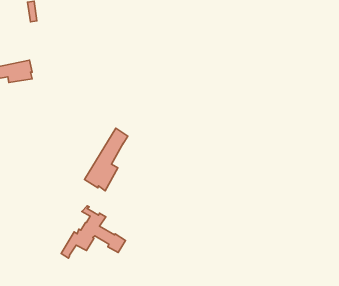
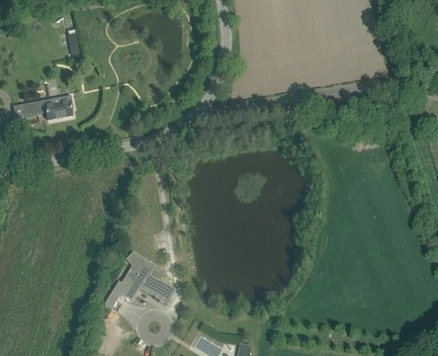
building: [85,128,128,191] -> none

